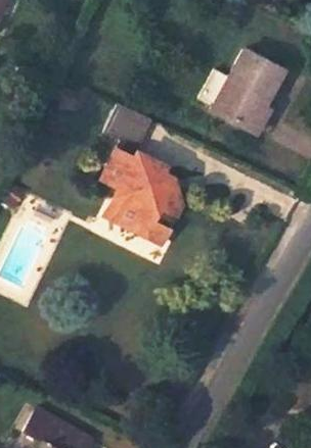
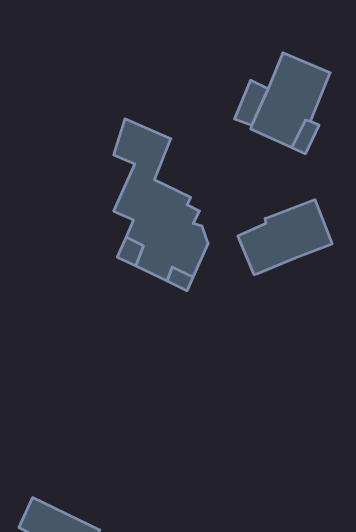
building: none -> [238,200,332,275]

